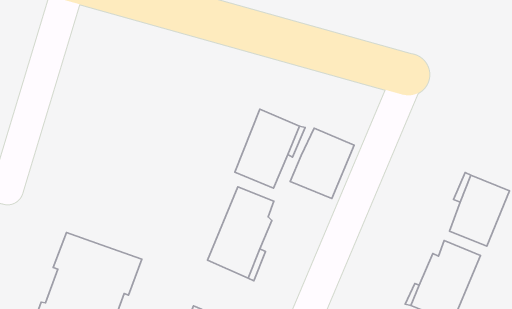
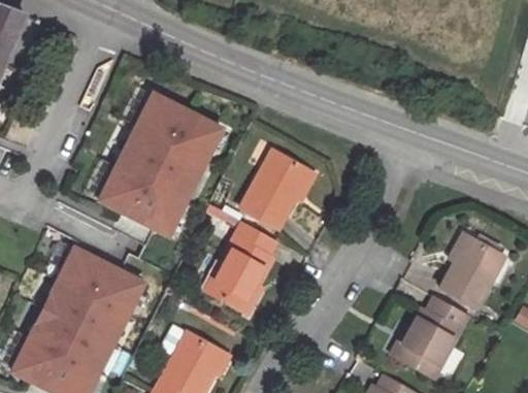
building: none -> [99,94,222,235]
building: [290,128,354,199] -> none

